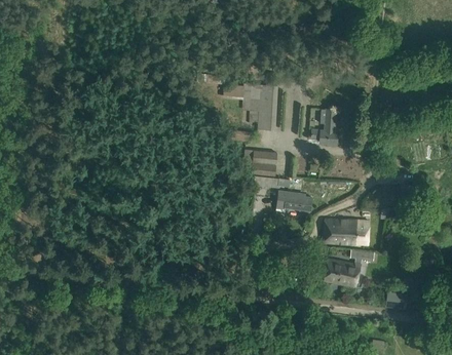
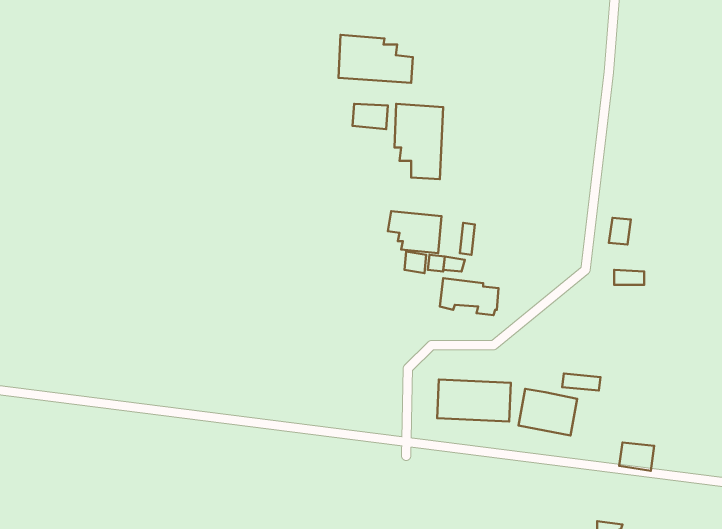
building: none -> [339,35,413,83]
building: [310,108,337,146] -> none
building: [324,218,369,243] -> [437,380,511,421]

